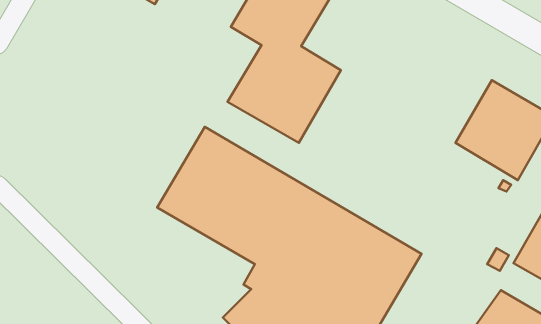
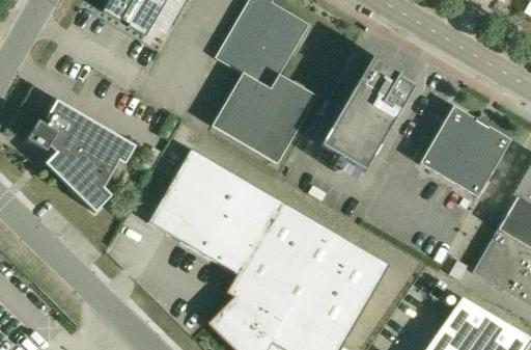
building: none -> [320,59,415,171]
building: none -> [27,100,135,213]

